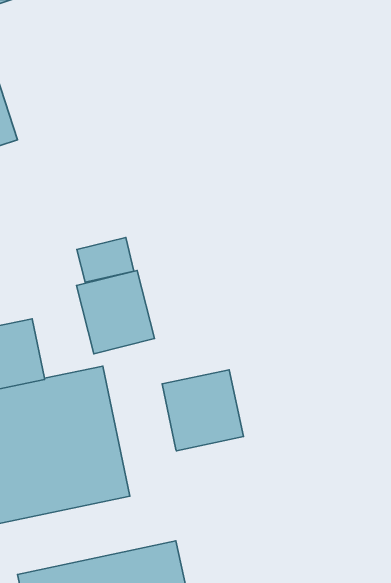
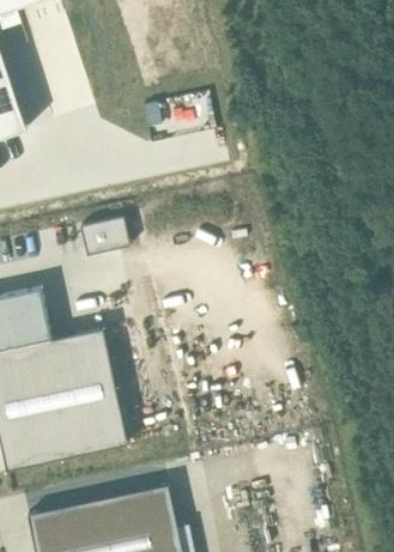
building: [77,270,154,354] -> none
building: [162,370,243,451] -> none

